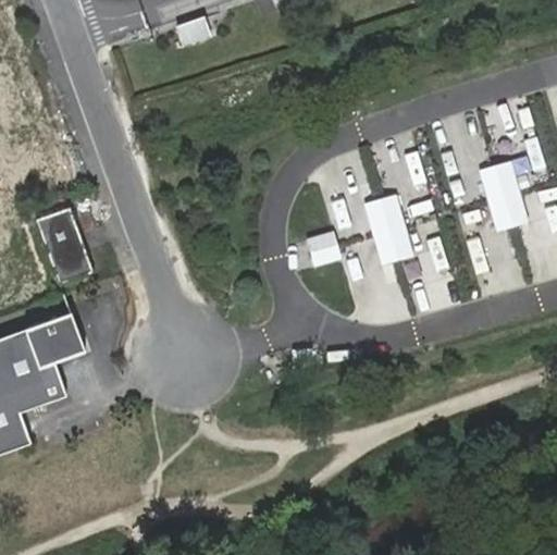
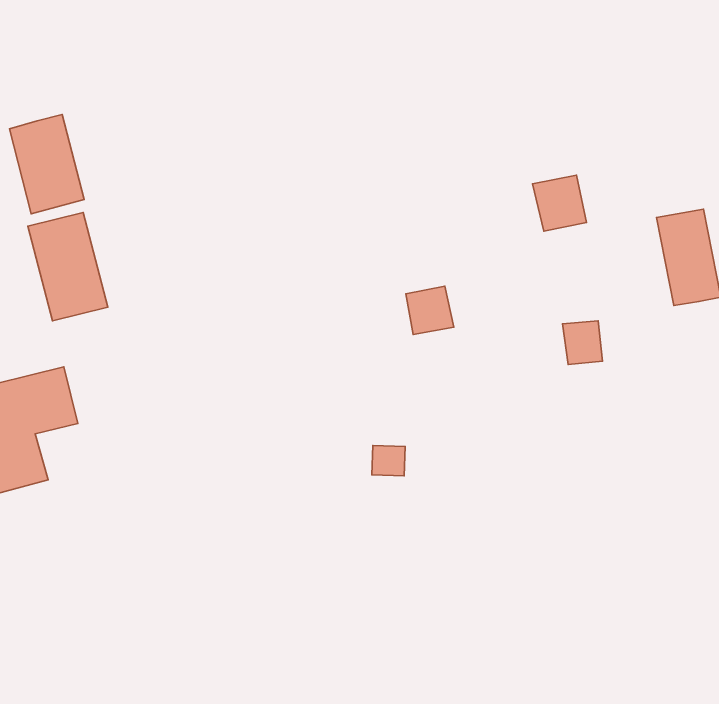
building: none -> [9,114,84,214]
building: [363,196,413,266] -> none

